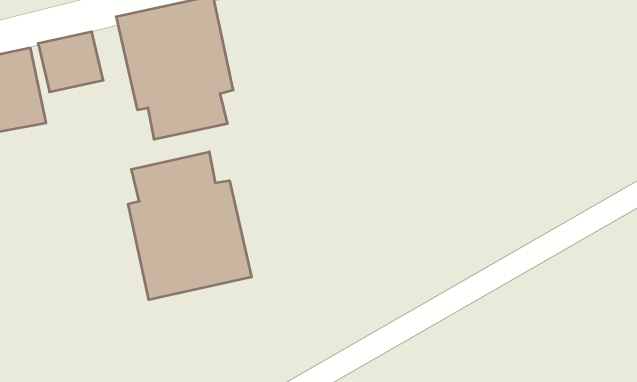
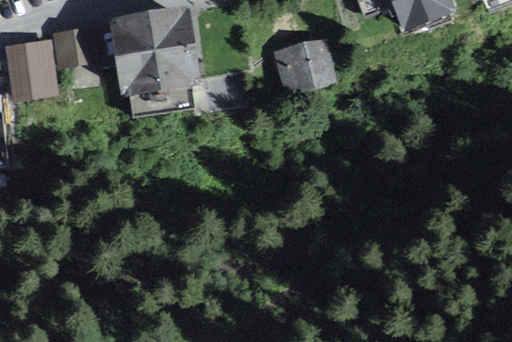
building: none -> [276,42,329,89]
building: [128,152,252,300] -> none

